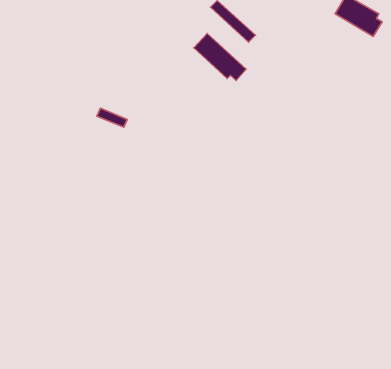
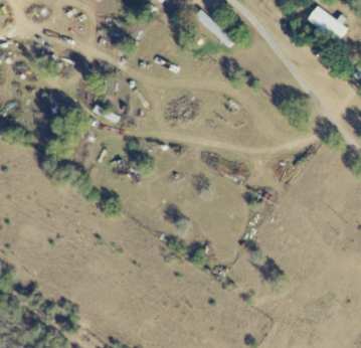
building: [194,33,246,81] -> none

